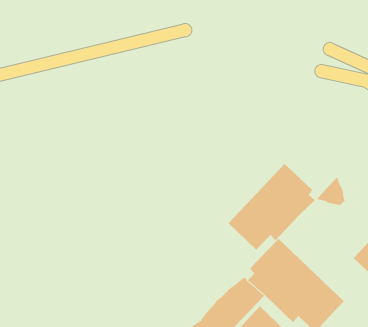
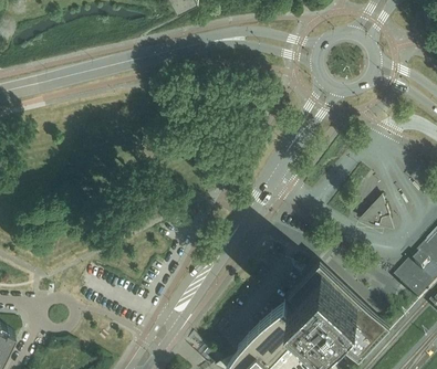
building: [228,163,315,251] -> none

